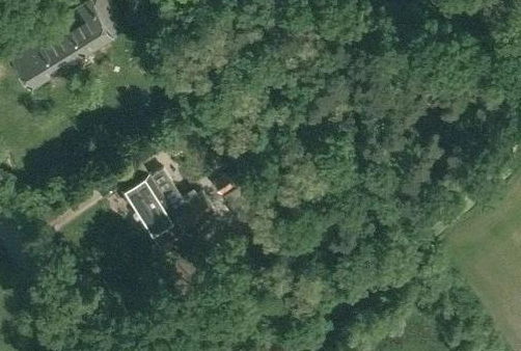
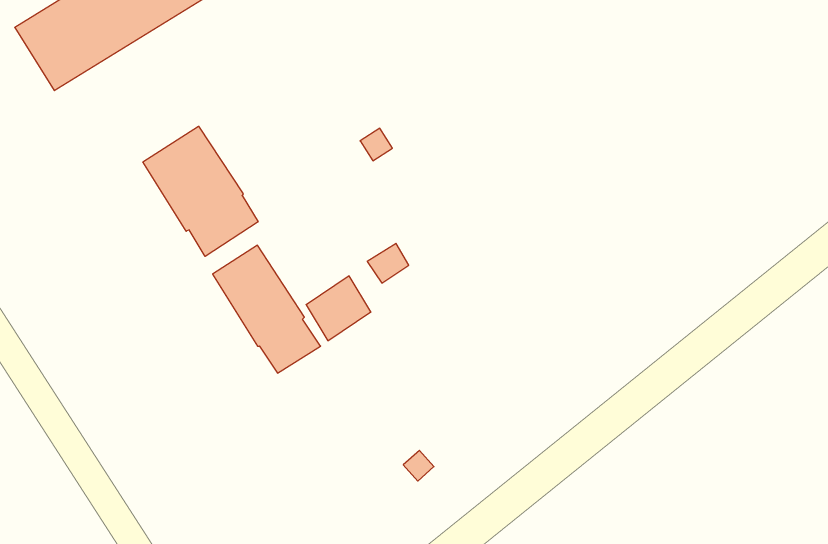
building: none -> [143,126,258,256]

